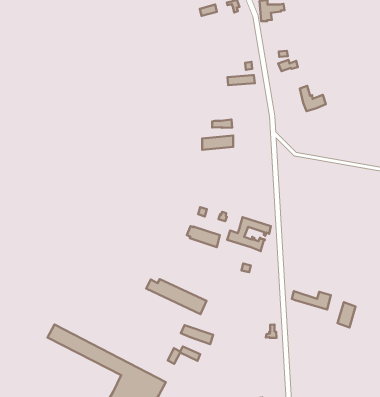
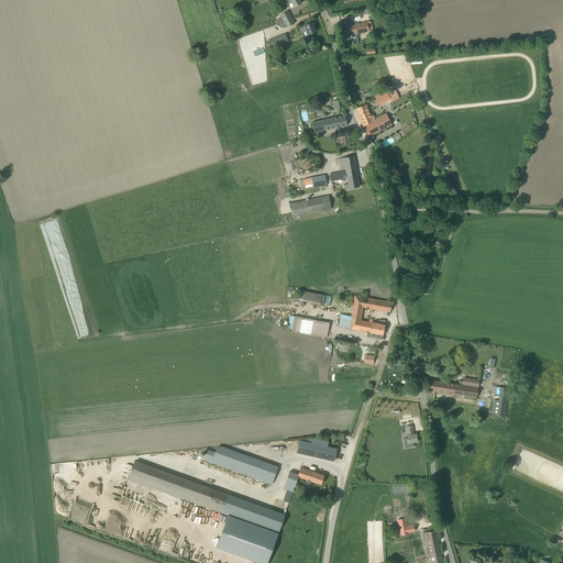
building: [300,86,326,111] -> [356,104,391,136]
building: none -> [330,156,358,189]
building: [146,279,207,314] -> [199,445,277,483]

